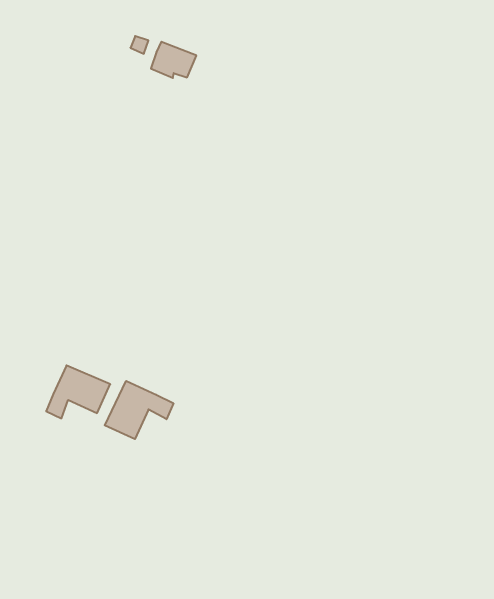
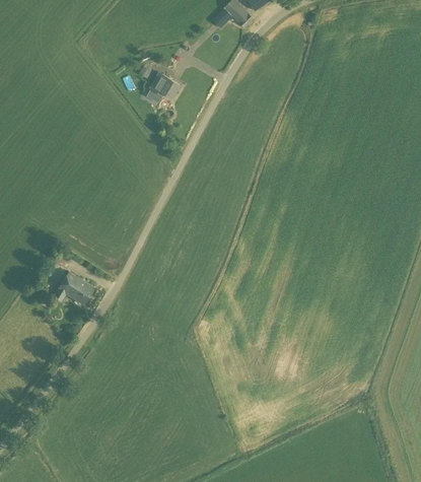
building: [105,381,173,439] -> none

